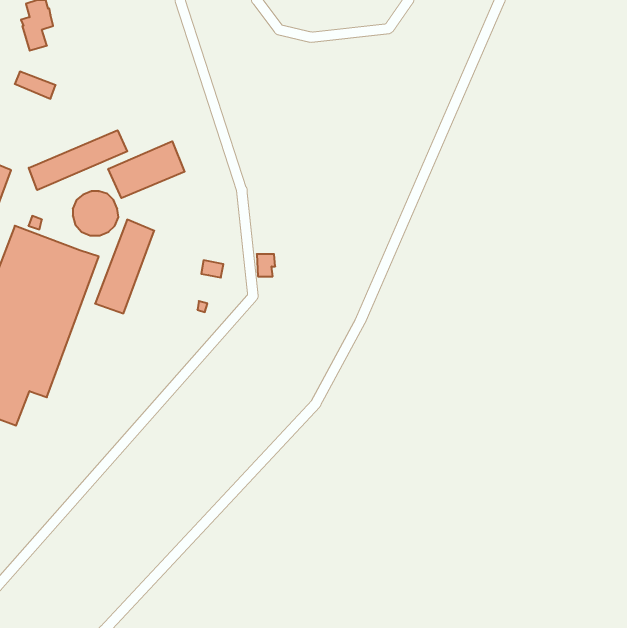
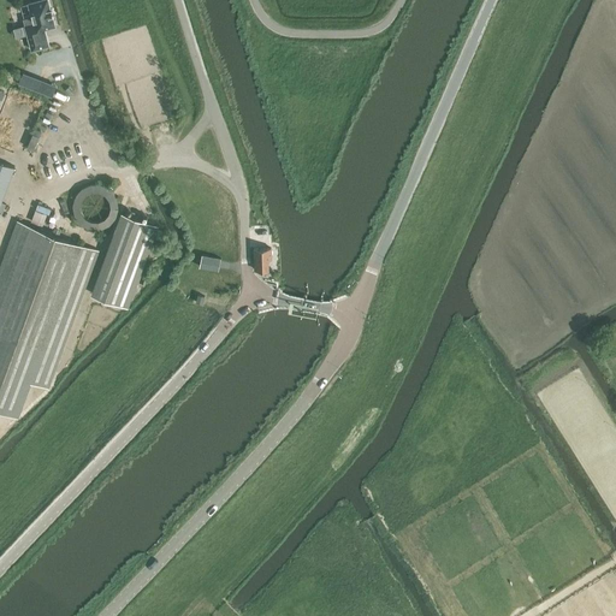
building: [29,130,127,190] -> none
building: [108,141,185,198] -> none

